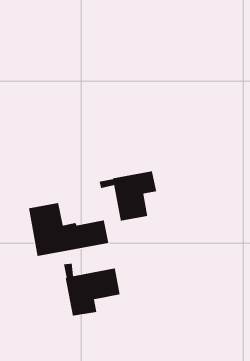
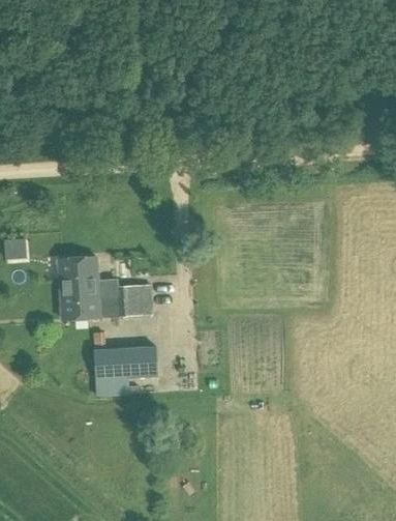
building: [99,171,157,221] -> none

